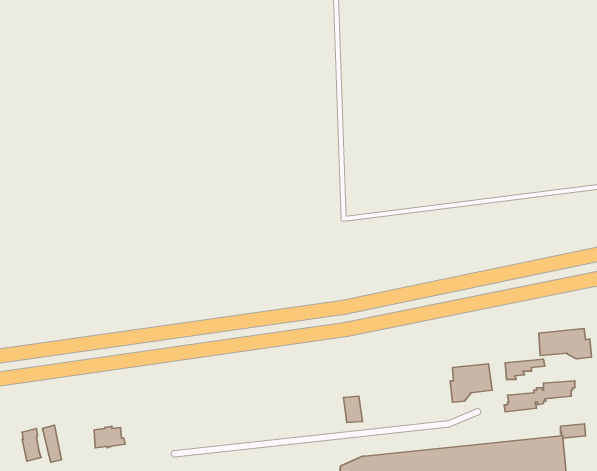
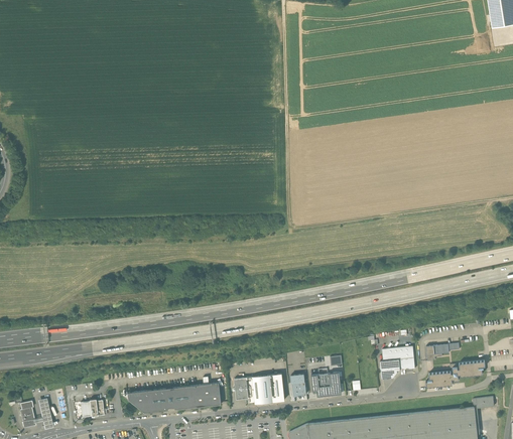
building: [539,329,592,359] -> none
building: none -> [310,369,341,396]
building: none -> [235,373,284,403]
building: none -> [126,377,221,413]

